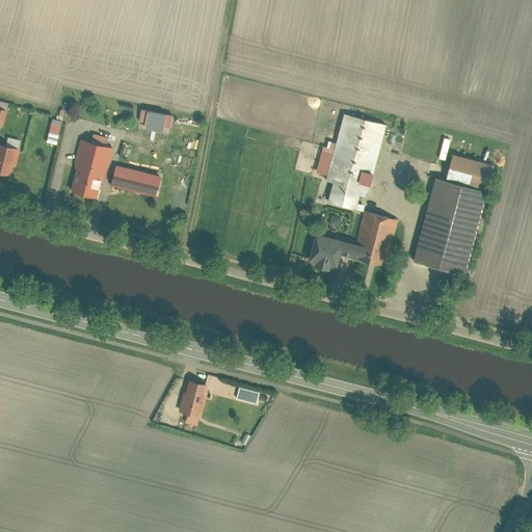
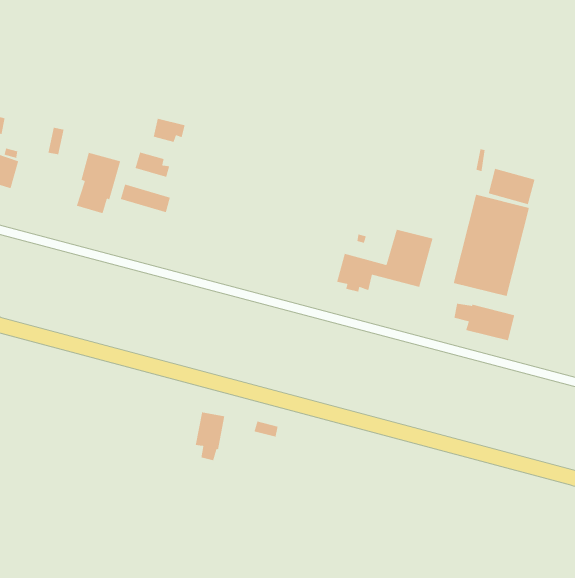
building: [326,114,384,210] -> none
building: none -> [135,152,170,178]
building: none -> [454,303,515,341]

